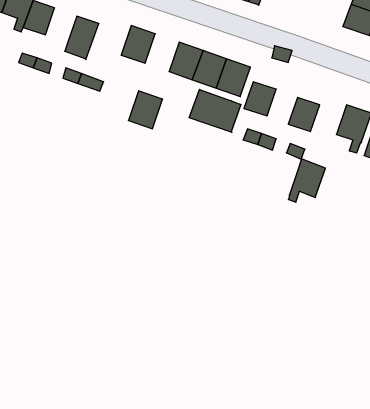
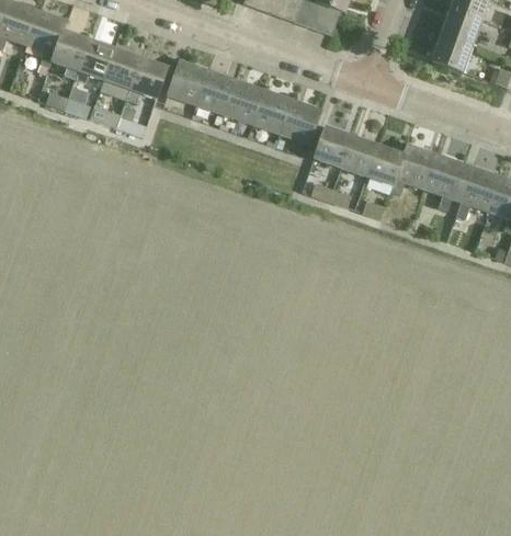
building: none -> [76,38,115,83]
building: none -> [126,57,168,103]
building: none -> [341,135,377,176]
building: [189,89,241,132] -> none
building: [128,91,163,129] -> [196,69,237,114]
building: [288,159,325,202] -> [391,142,435,194]

